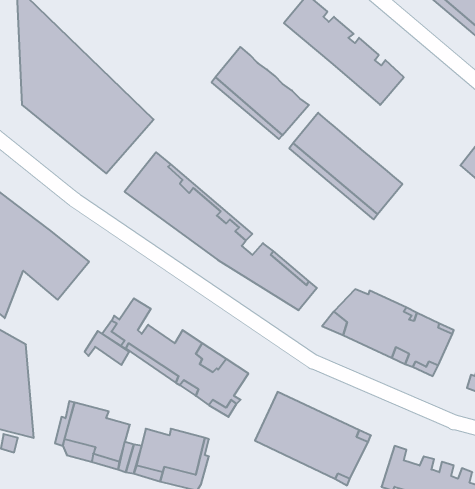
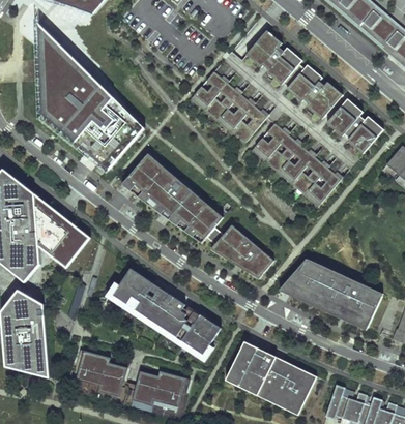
building: none -> [328,97,383,151]
building: [85,331,129,365] -> [133,276,168,303]

